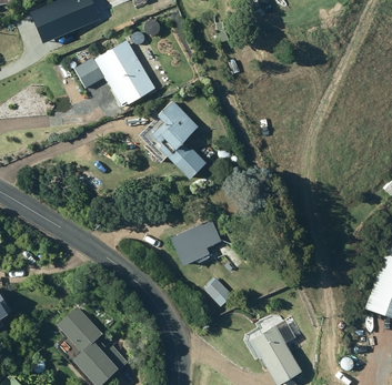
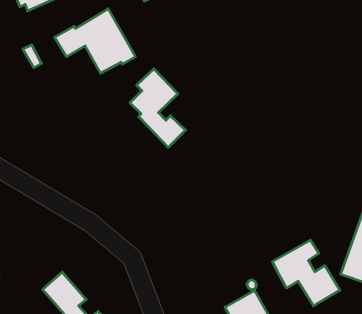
building: [169,219,221,266] -> none
building: none -> [273,240,340,306]
building: [202,274,233,305] -> none

